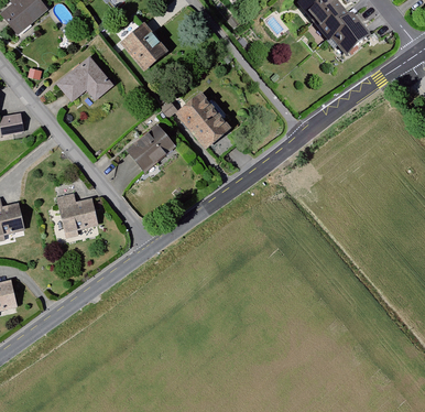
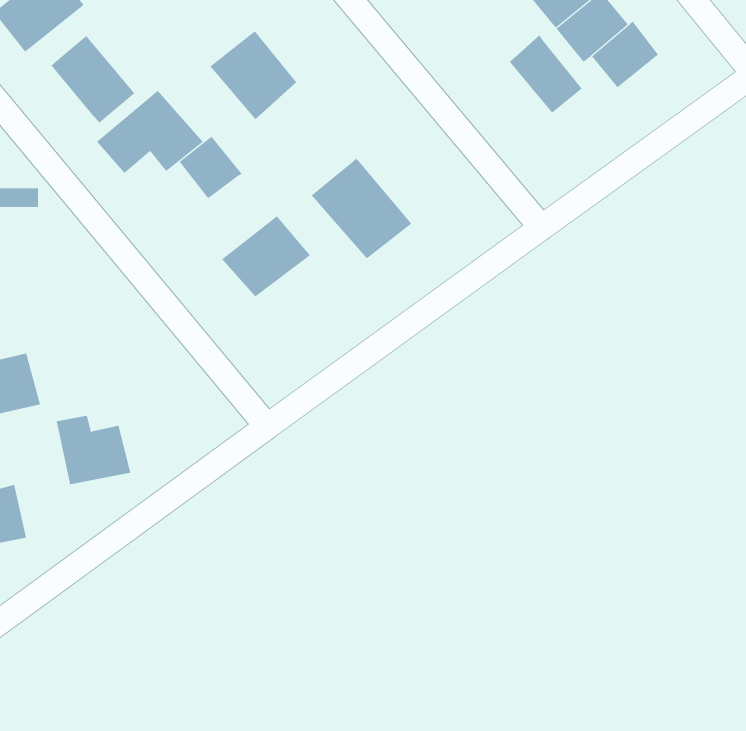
building: none -> [509,35,582,114]
building: none -> [51,35,135,123]
building: none -> [179,136,243,199]
building: [56,193,98,231] -> [56,415,131,485]

